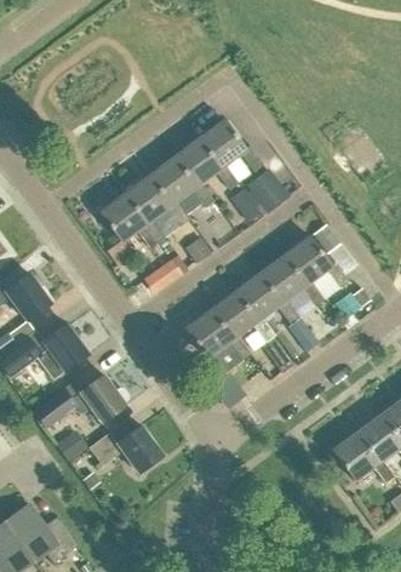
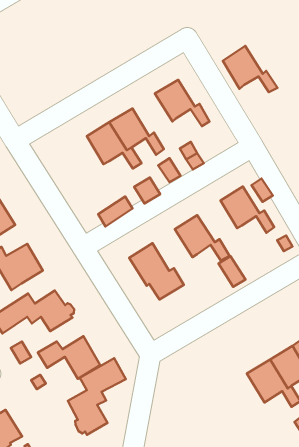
building: [173,138,239,189] -> [223,46,278,92]
building: [246,168,291,213] -> none
building: [98,194,165,245] -> none
building: [258,254,323,305] -> none
building: [210,292,274,343] -> none
building: none -> [68,358,126,435]

